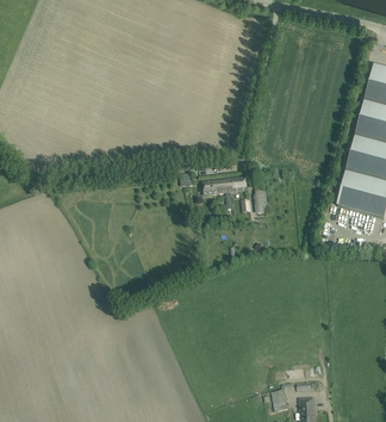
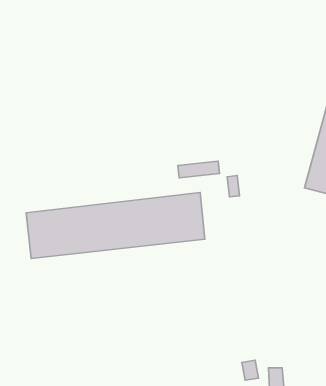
building: none -> [26,192,205,258]

